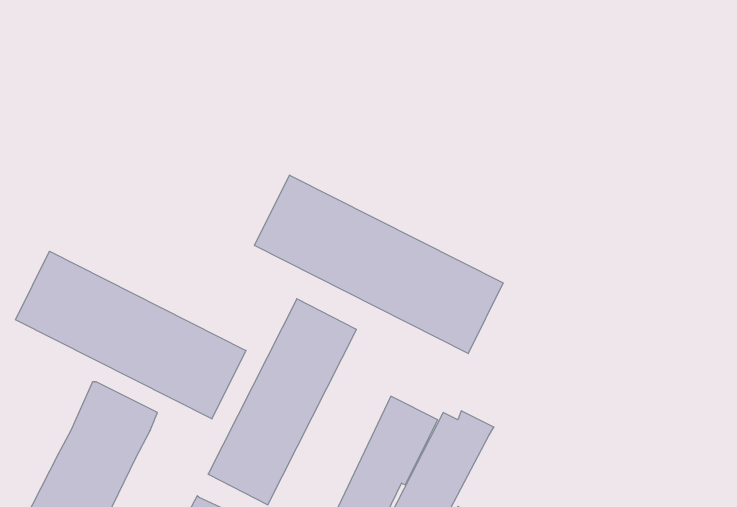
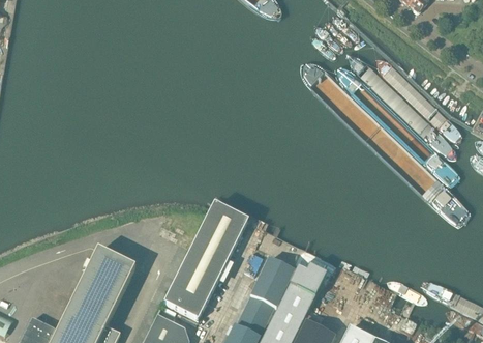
building: [255,175,503,354] -> none
building: [16,251,246,419] -> none

